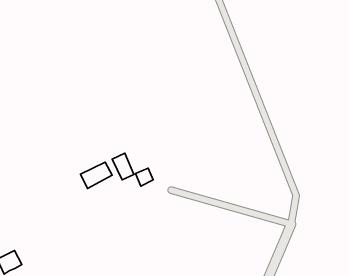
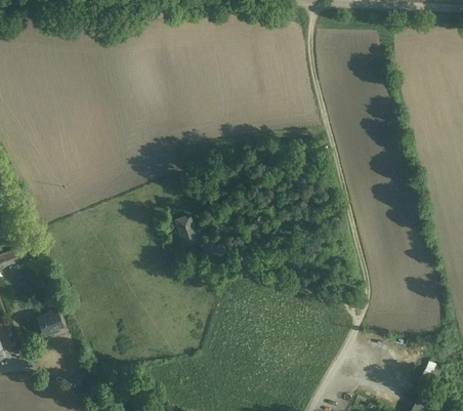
building: [81,162,112,189] -> none

